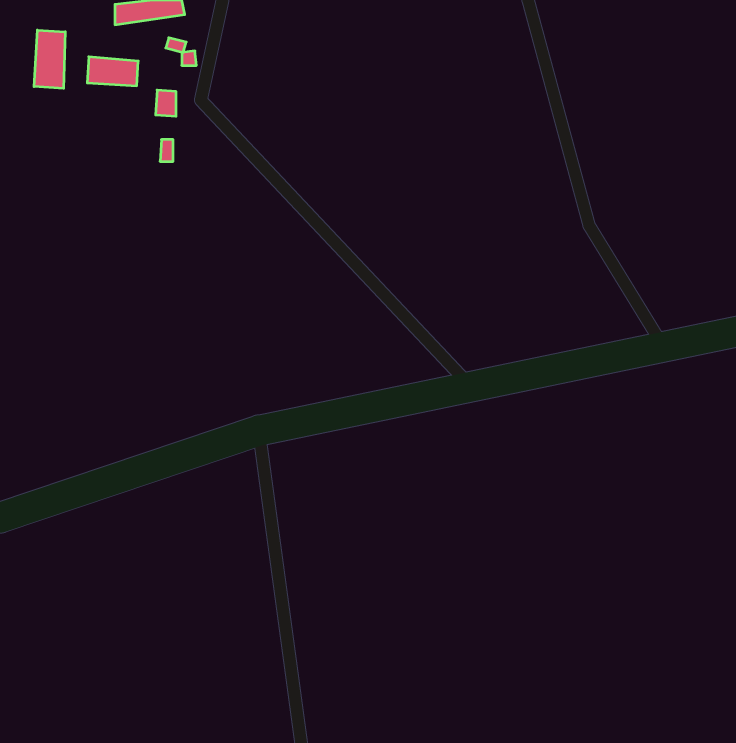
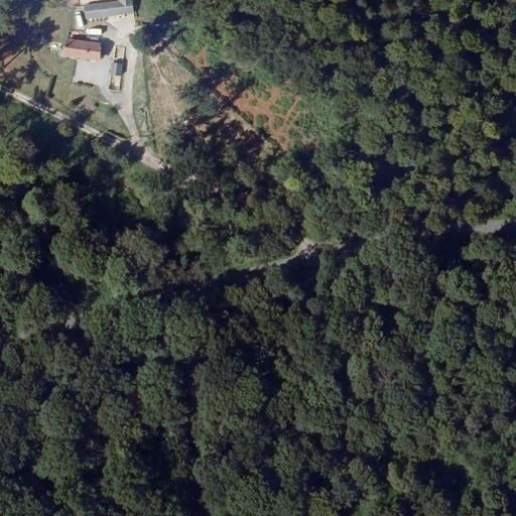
building: [34,30,65,88] -> none

